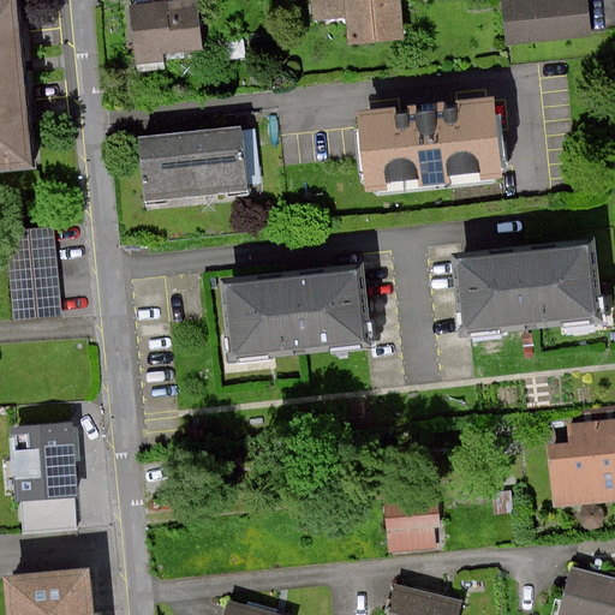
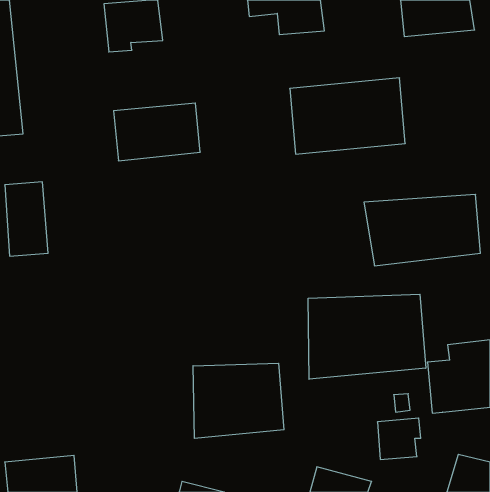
building: [222,262,381,364] -> none
building: none -> [308,294,426,379]
building: [12,422,79,535] -> none
building: none -> [193,363,284,438]
building: [386,500,440,551] -> [377,418,421,459]

